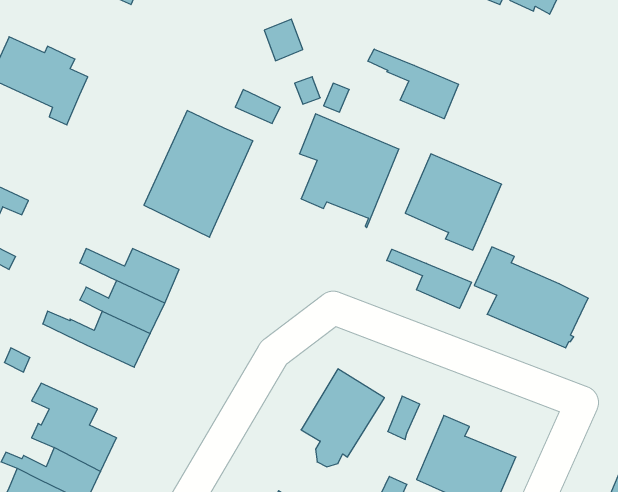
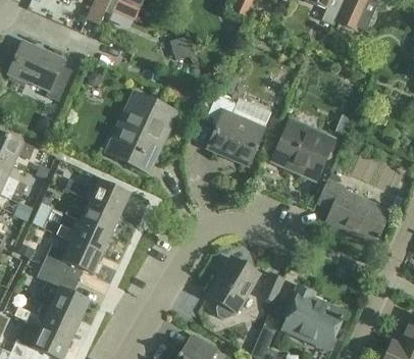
building: [368,49,459,119] -> none
building: [387,249,472,308] -> none
building: none -> [42,241,101,281]

